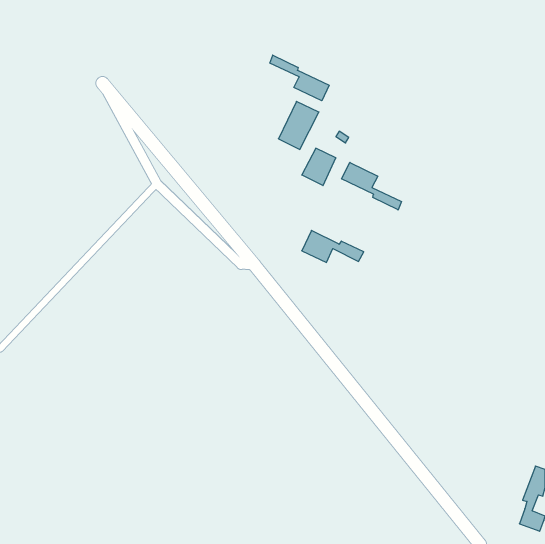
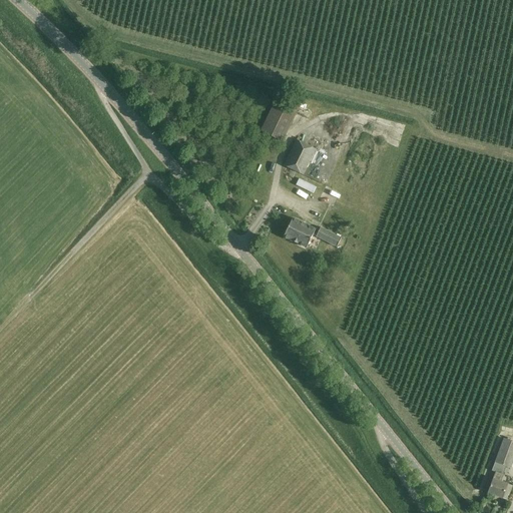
building: [270,55,329,101] -> none
building: [342,162,401,210] -> none

